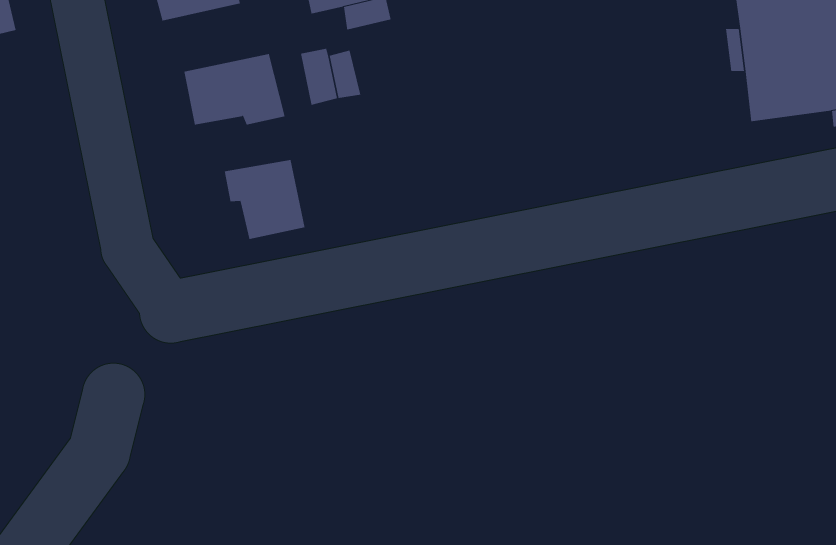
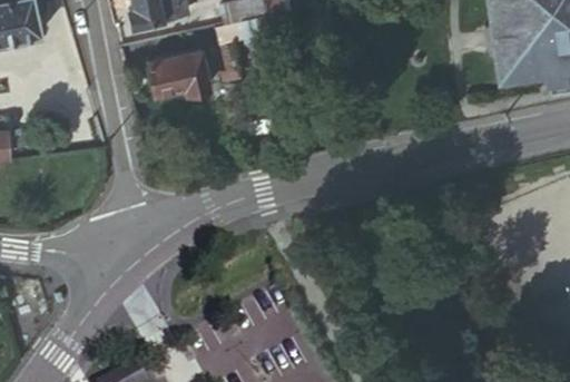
building: [224,159,305,240] -> none

